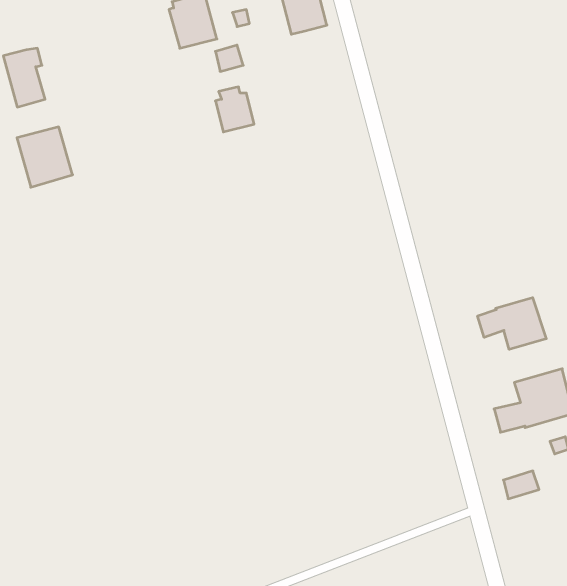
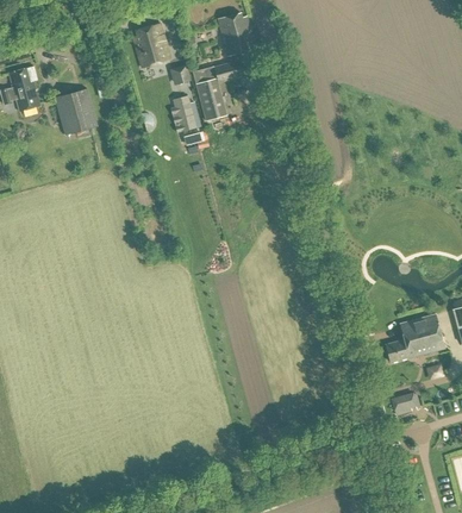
building: none -> [192,60,245,120]
building: [17,127,73,187] -> [54,88,96,134]
building: [478,298,546,349] -> none

